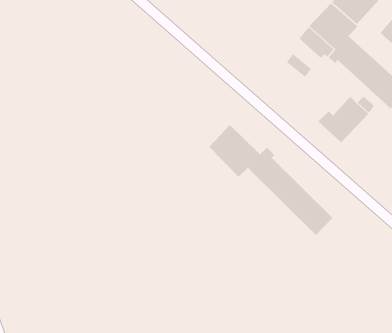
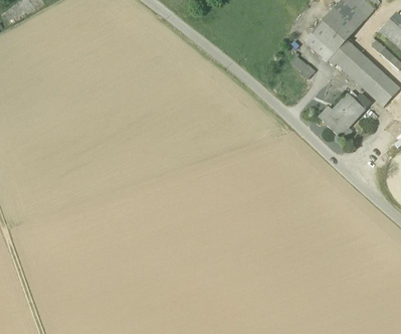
building: [209,124,333,236] -> none

